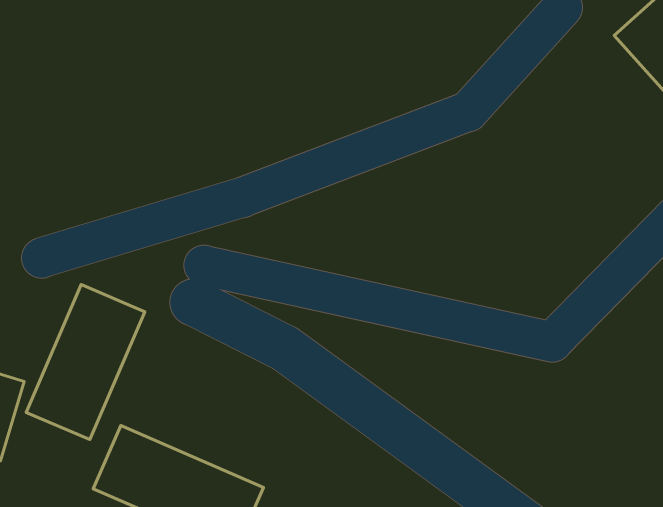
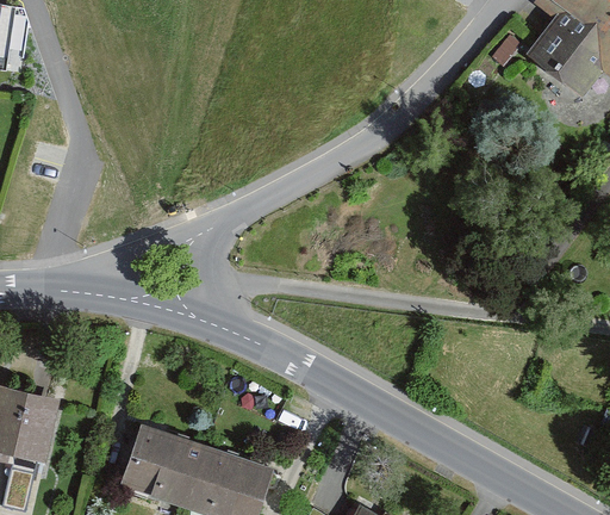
building: [26,285,145,439] -> none

